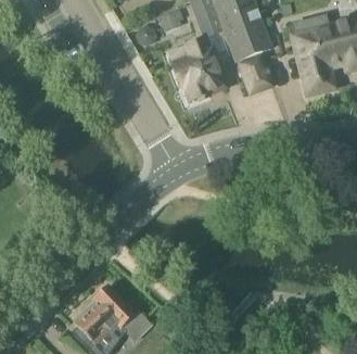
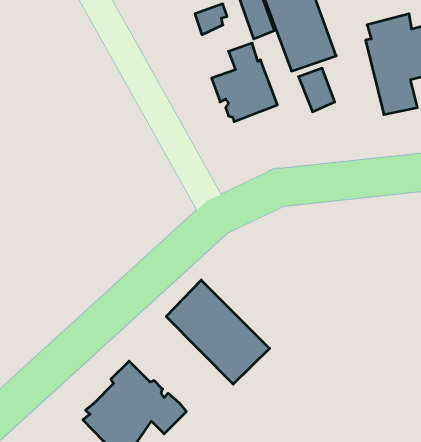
building: none -> [166,280,270,384]

